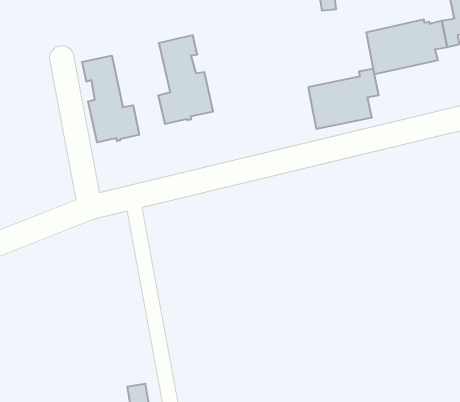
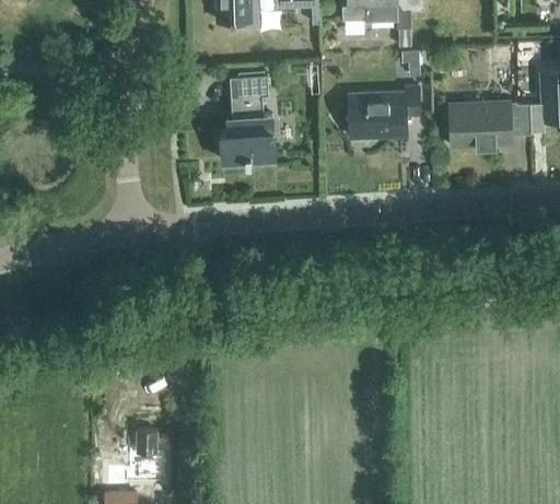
building: [82,56,139,142] -> none
building: [308,69,379,129] -> [348,86,420,139]

